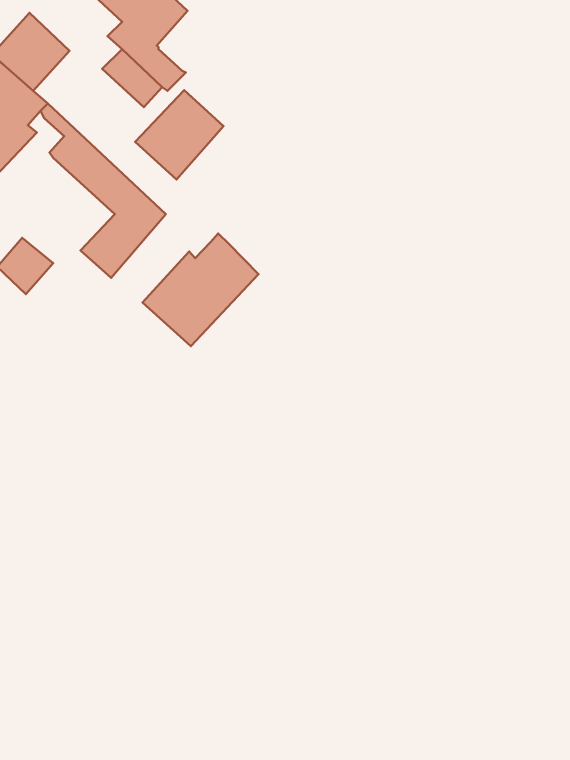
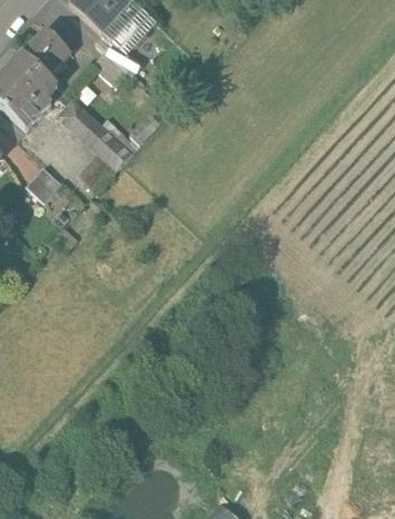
building: [135,90,224,180] -> none
building: [143,233,259,346] -> none

